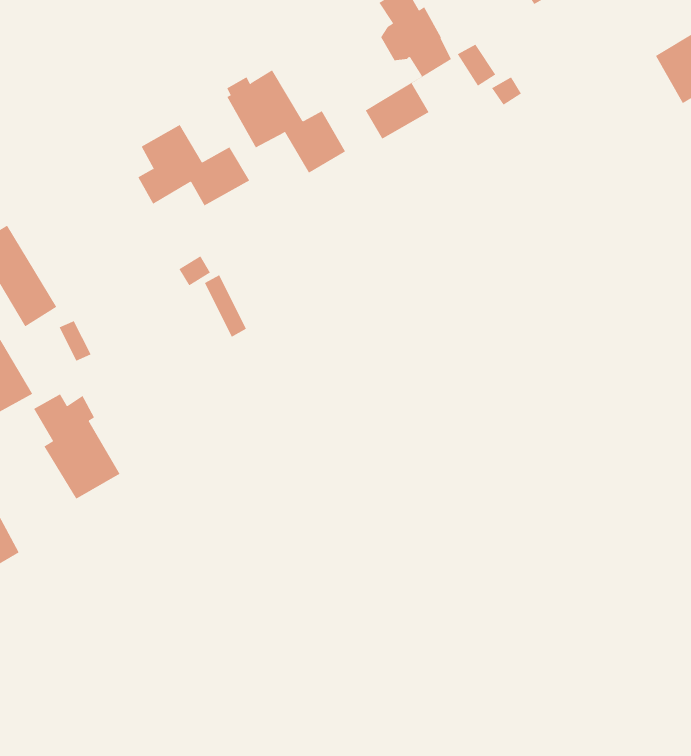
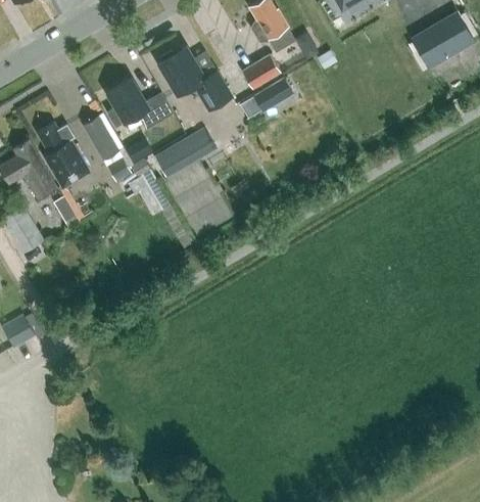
building: none -> [254,80,291,110]
building: none -> [83,116,132,182]
building: none -> [155,129,217,177]
building: [33,394,120,499] -> [37,123,89,186]

